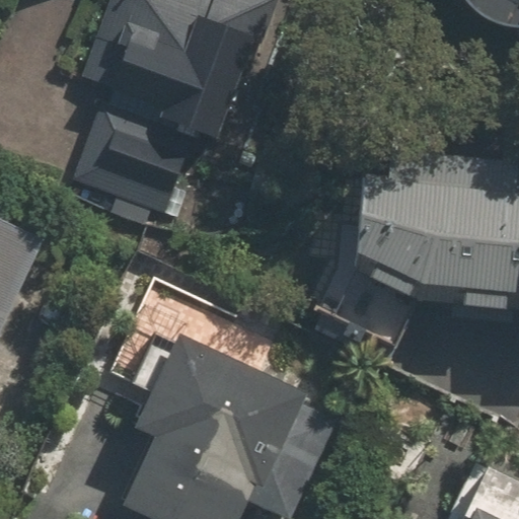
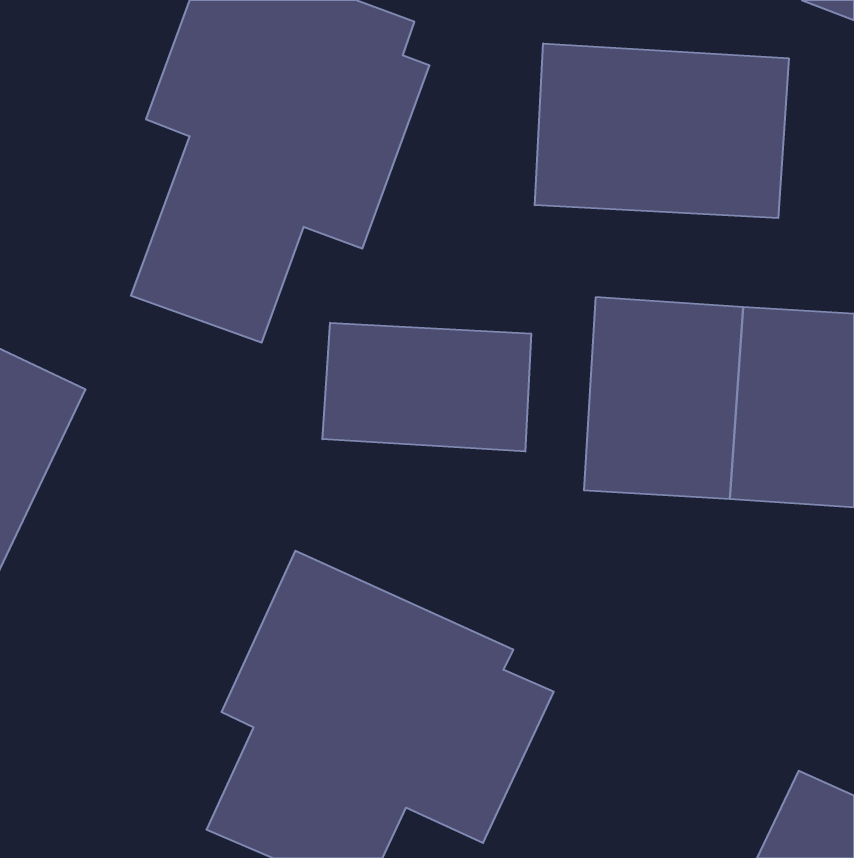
building: none -> [535,43,789,218]
building: none -> [322,323,531,452]

